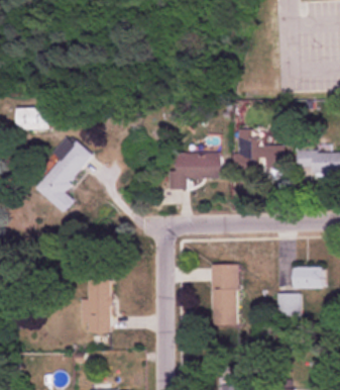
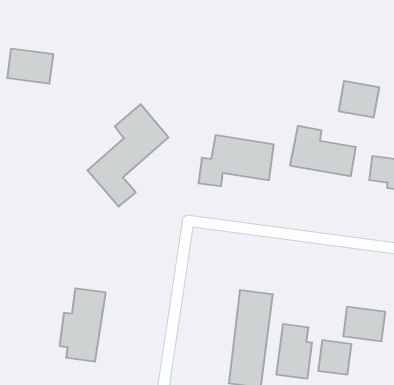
building: none -> [339,81,379,118]
building: [35,132,93,211] -> [87,104,169,207]
building: none -> [276,324,312,379]

